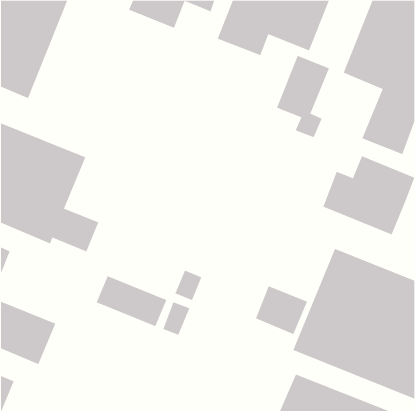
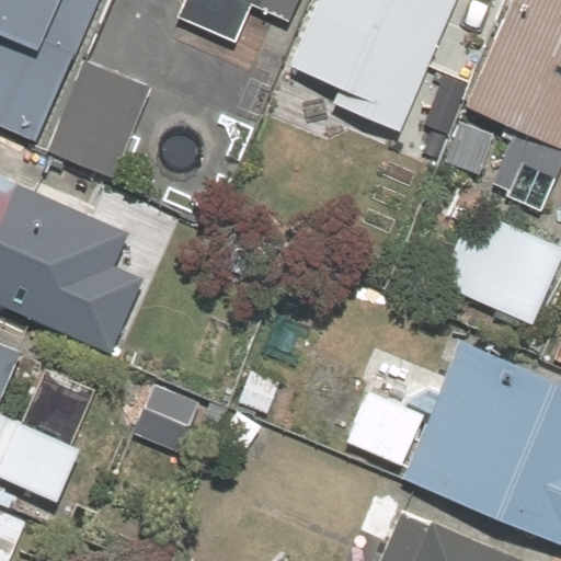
building: none -> [47,60,148,175]

